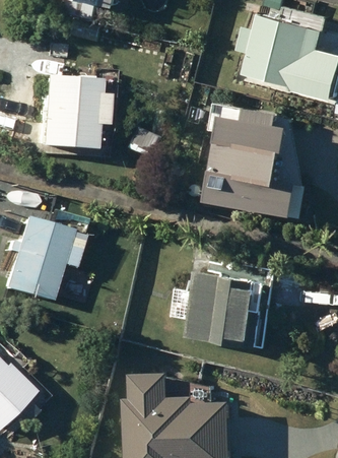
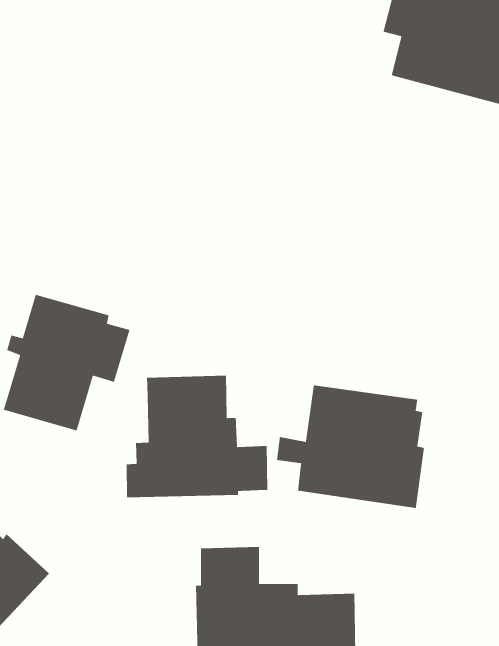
building: [38,76,108,147] -> none
building: [213,110,306,216] -> none
building: none -> [126,375,268,498]

